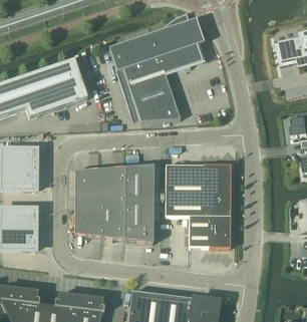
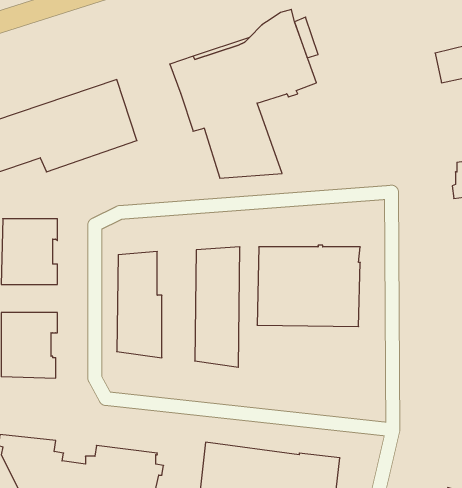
building: [101,168,126,239] -> none
building: [190,217,231,248] -> none

